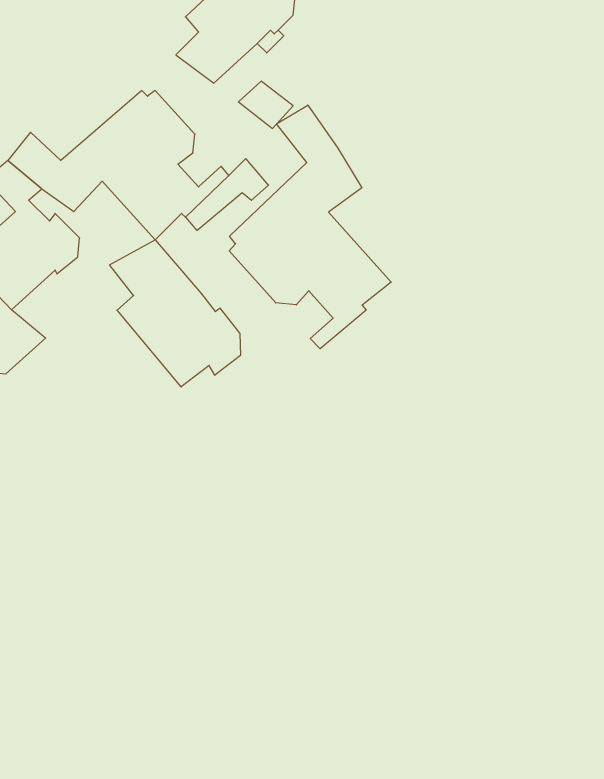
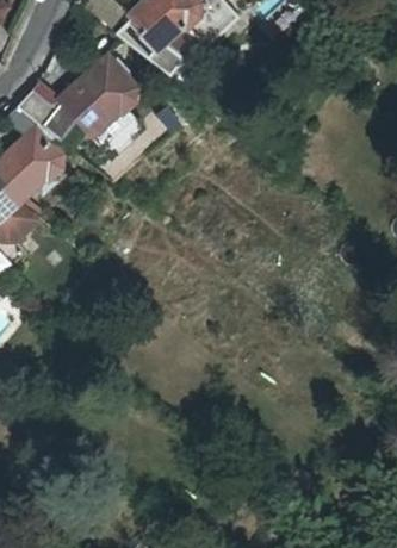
building: [229,105,391,349] -> none
building: [110,240,240,387] -> none

